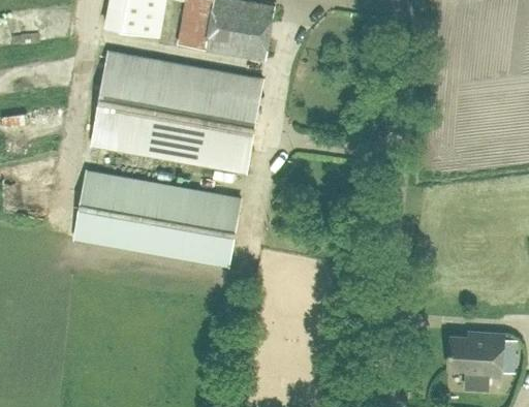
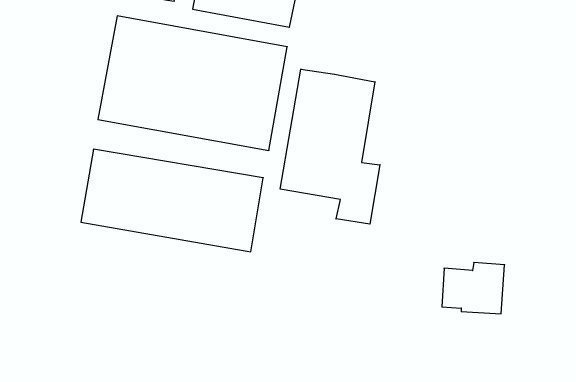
building: none -> [280,69,380,224]
building: [447,332,504,378] -> [442,263,505,314]

